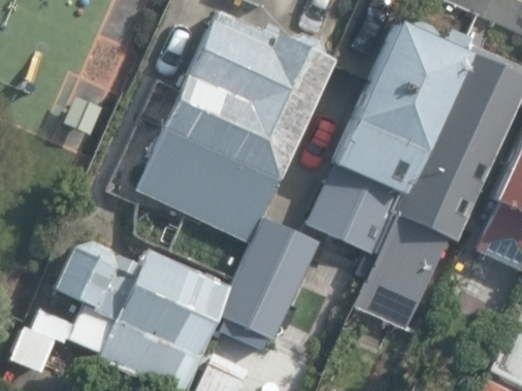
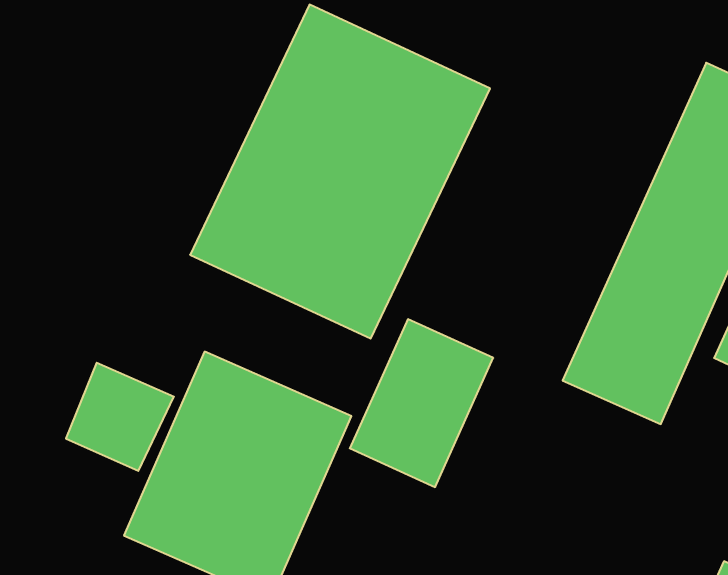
building: [335,26,466,260] -> none

